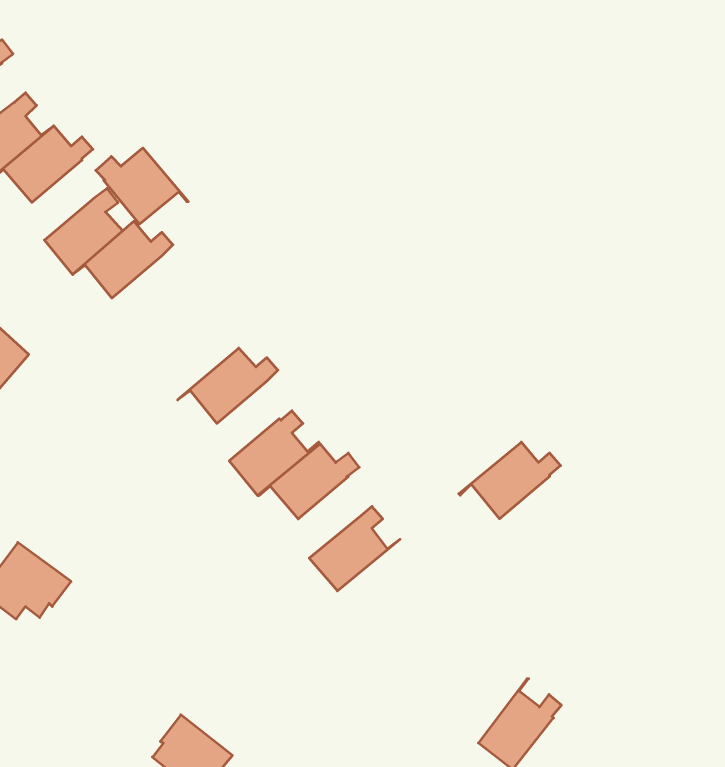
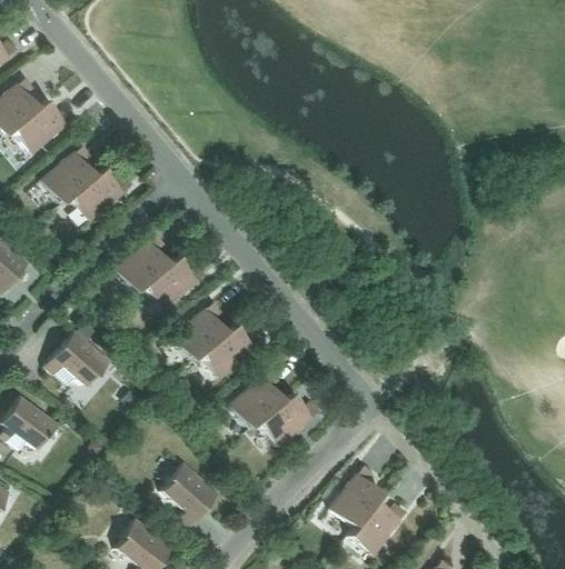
building: [96,148,188,224] -> none
building: none -> [115,232,178,293]
building: [459,442,561,519] -> [248,392,320,447]
building: none -> [46,329,111,385]
building: none -> [162,461,219,527]
building: none -> [330,465,383,537]

